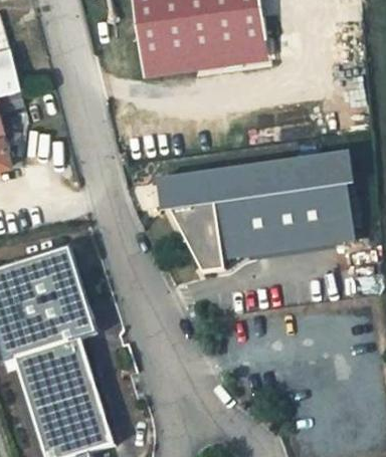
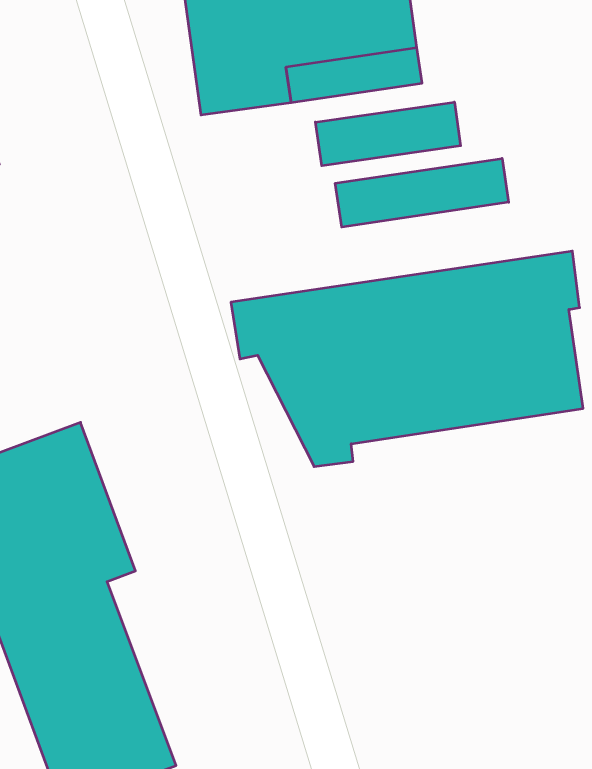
building: none -> [315,102,461,166]
building: none -> [335,158,509,227]

